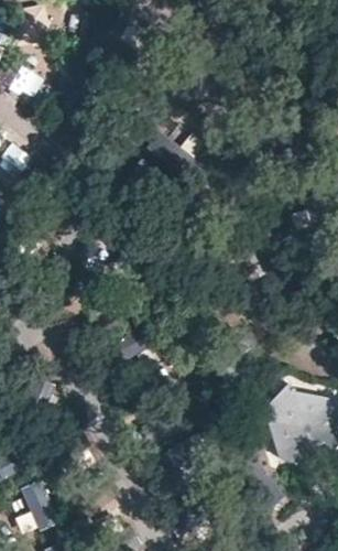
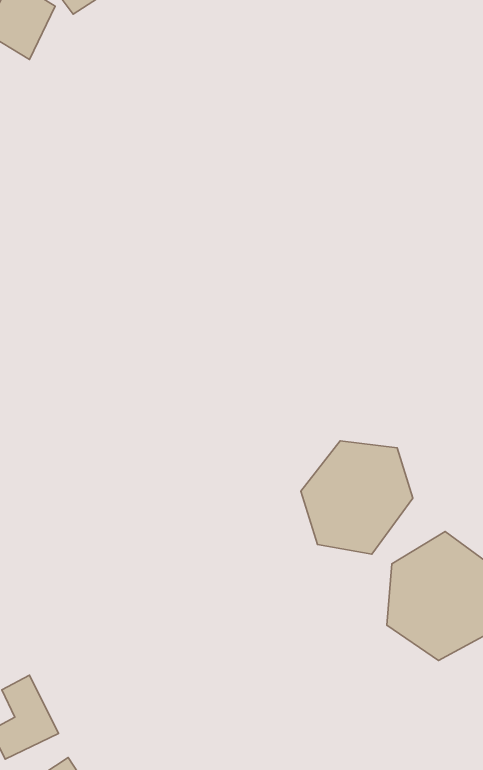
building: none -> [301,441,413,554]

